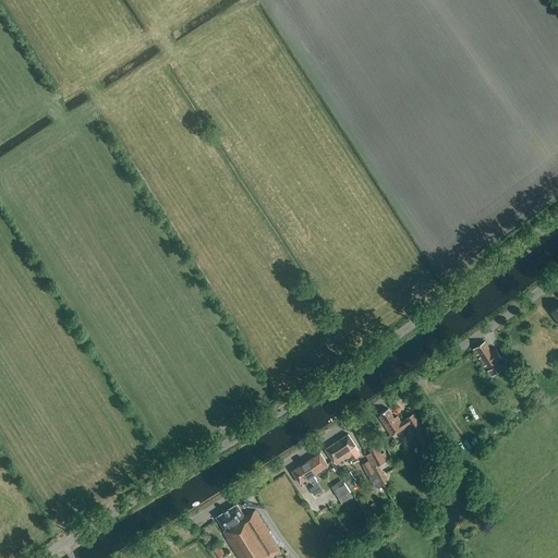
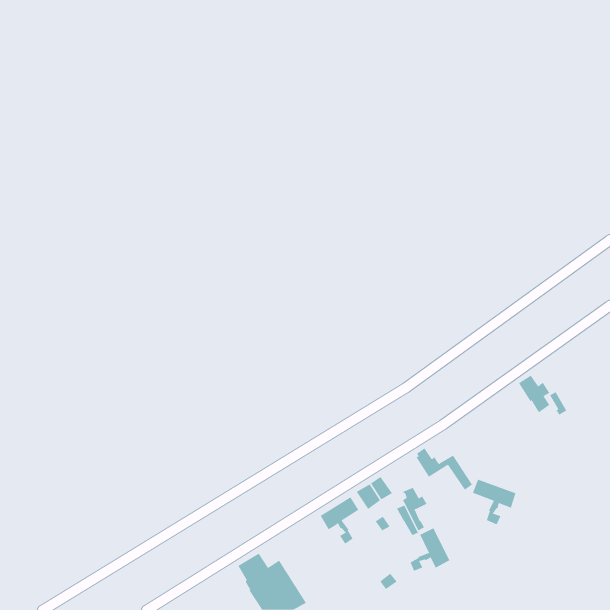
building: none -> [472,479,516,525]
building: none -> [410,528,450,572]

